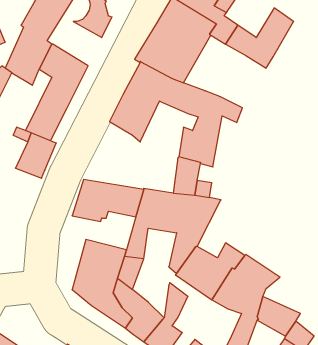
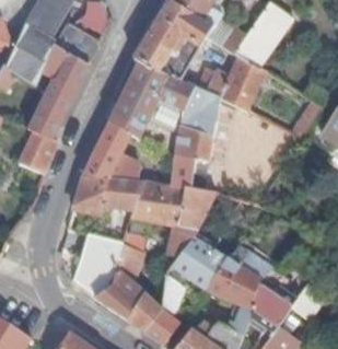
building: none -> [55,24,100,65]
building: none -> [201,55,266,109]
building: none -> [84,118,142,184]

